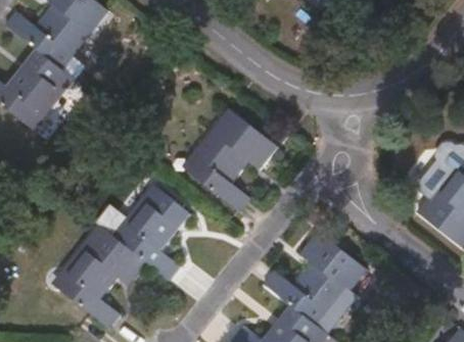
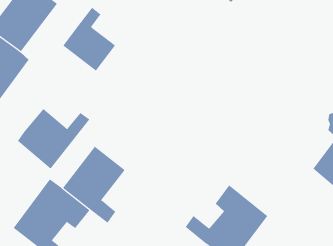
building: none -> [63,7,116,71]
building: [182,107,279,212] -> none
building: none -> [17,108,90,169]

